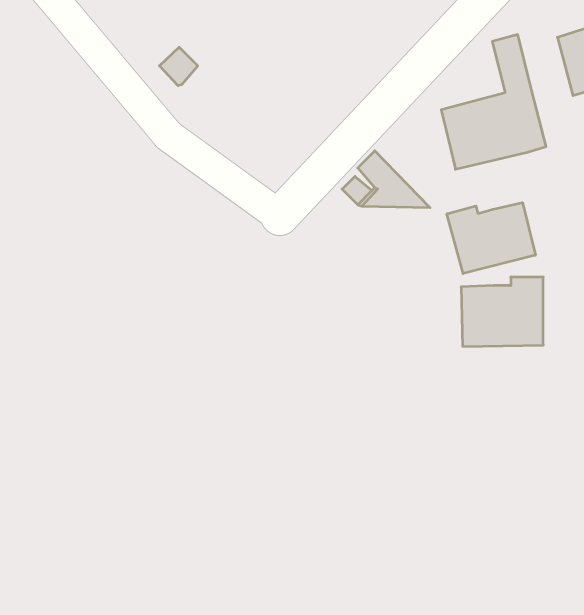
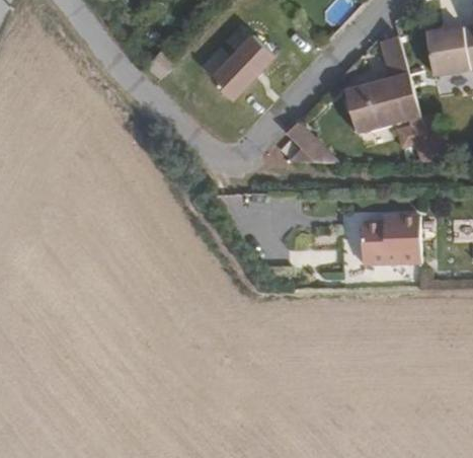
building: none -> [208,27,272,94]
building: [447,203,535,274] -> none

